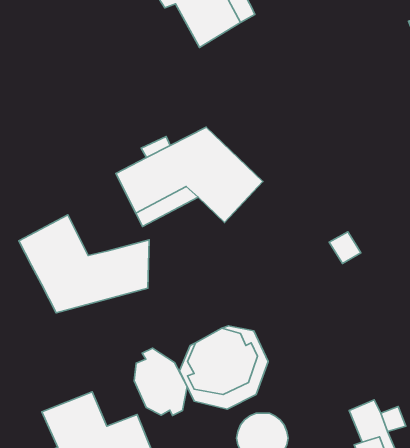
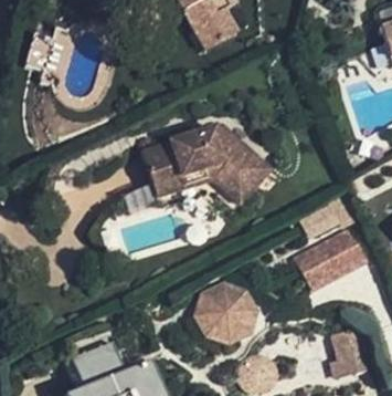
building: [19,215,149,313] -> none
building: none -> [296,230,363,289]
building: [134,348,187,415] -> none

